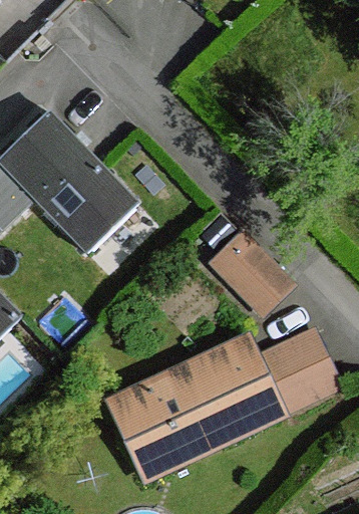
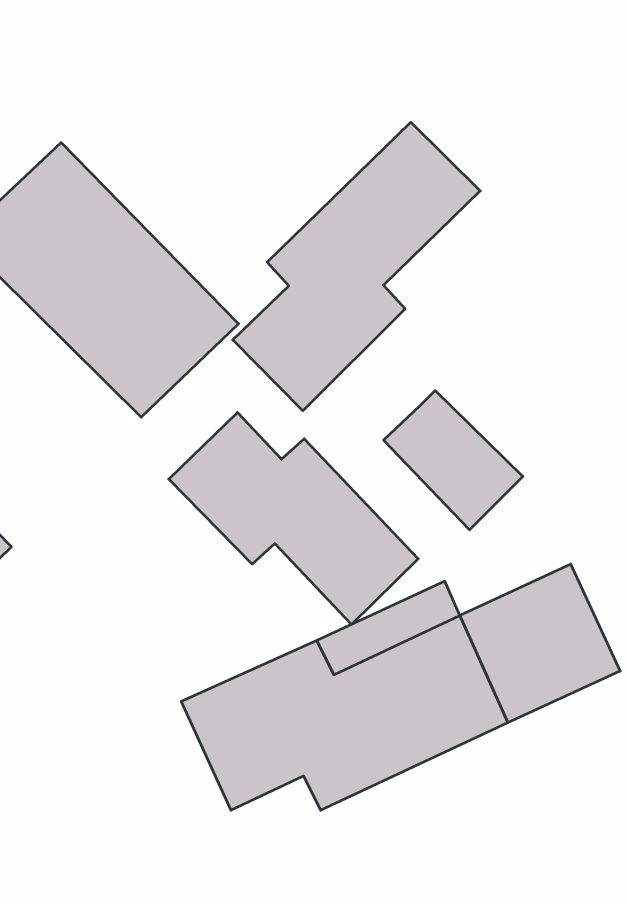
building: none -> [233,122,480,411]
building: none -> [169,412,418,624]

